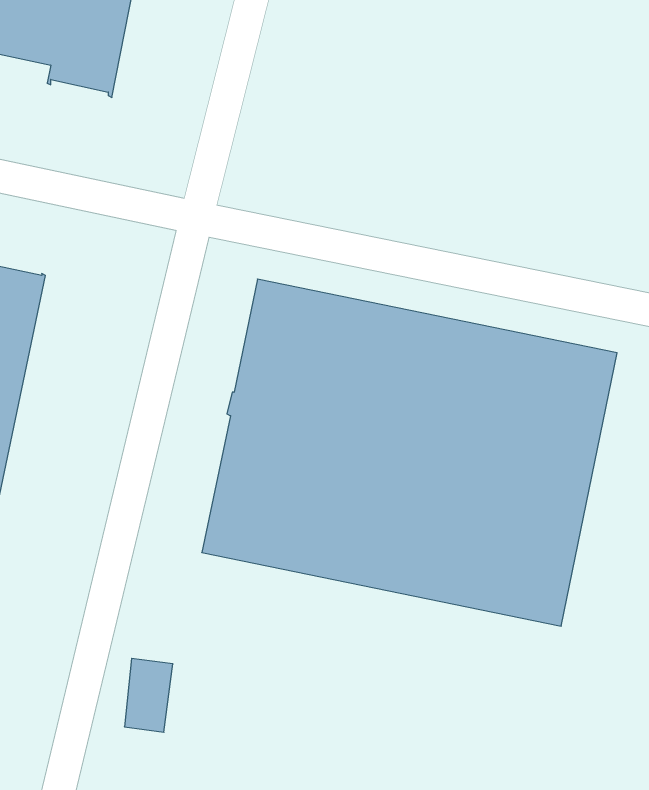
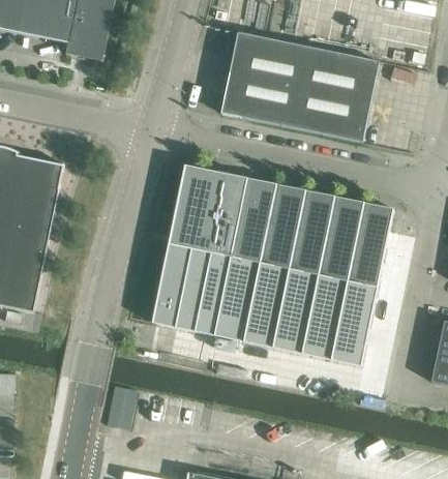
building: none -> [220,32,379,142]

